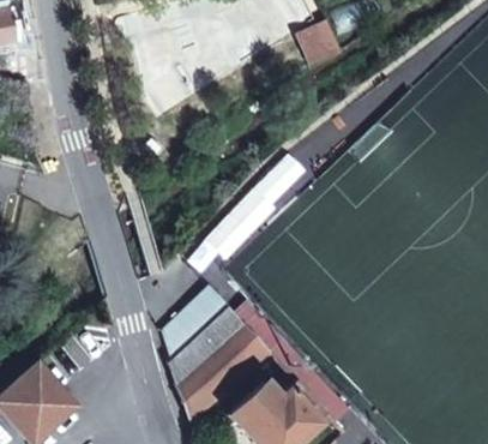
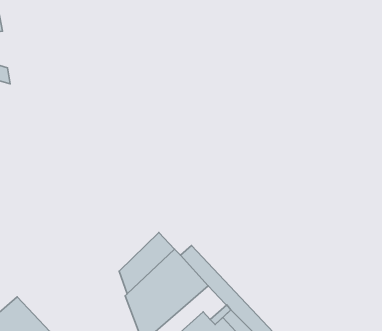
building: [296,20,341,67] -> none

